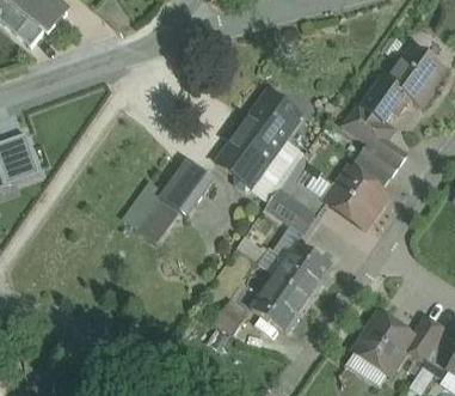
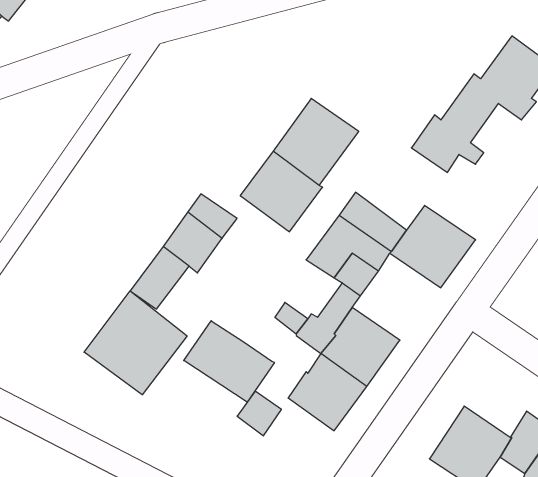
building: [358,129,407,176] -> none
building: none -> [84,291,187,395]
building: none -> [184,321,274,402]

